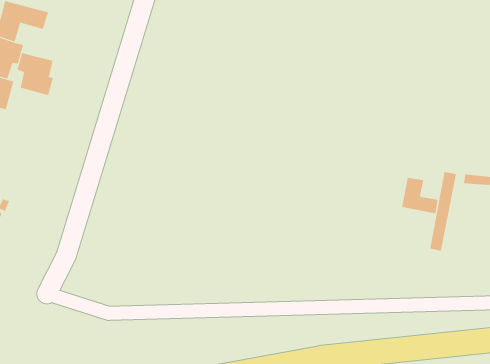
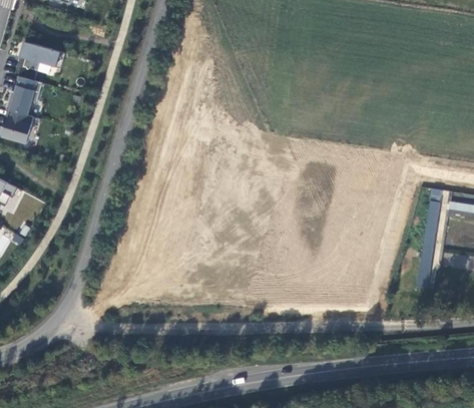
building: [17,52,54,96] -> none
building: [401,177,438,214] -> none

